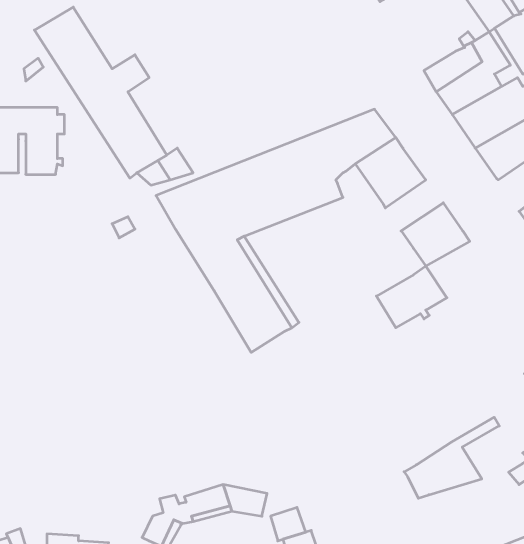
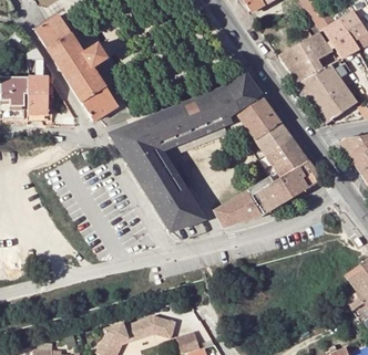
building: none -> [254,123,290,155]
building: none -> [279,161,320,197]
building: [404,417,499,498] -> [212,177,272,228]

